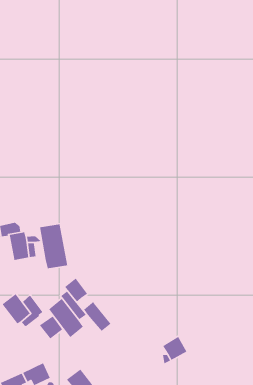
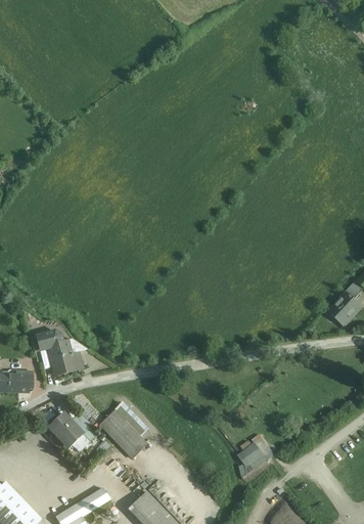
building: [39,224,68,269] -> none
building: [64,278,88,302] -> none
building: [83,301,112,332] -> none
building: [39,315,63,340] -> none

